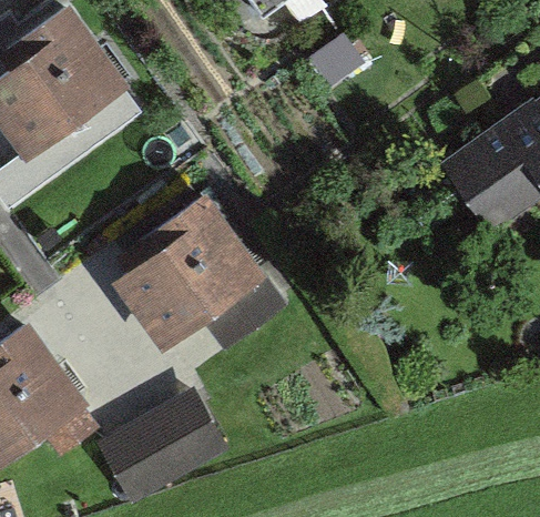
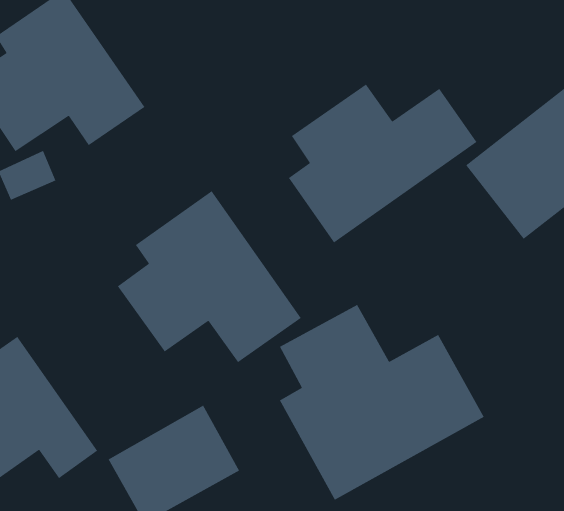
building: none -> [288,83,478,243]
building: none -> [279,304,485,501]

